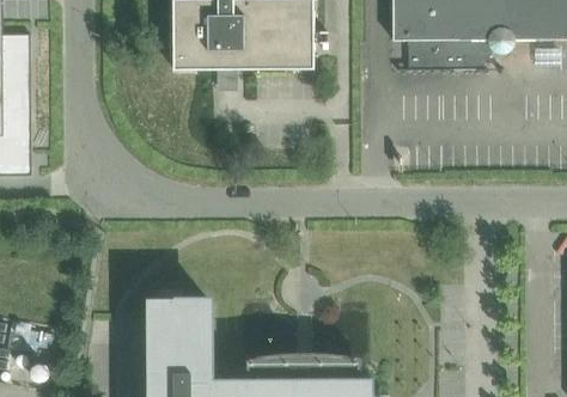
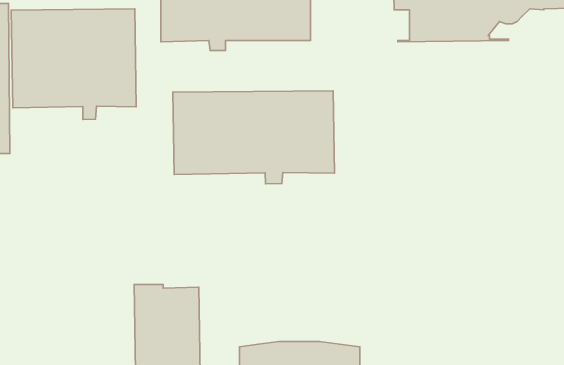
building: none -> [11,9,136,119]
building: none -> [173,91,335,184]

